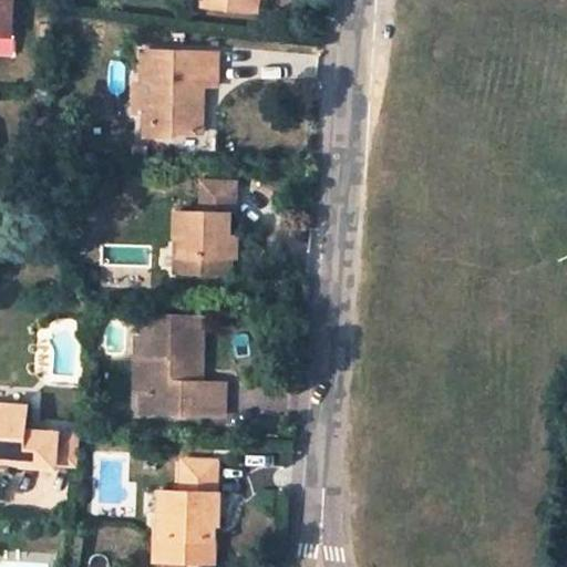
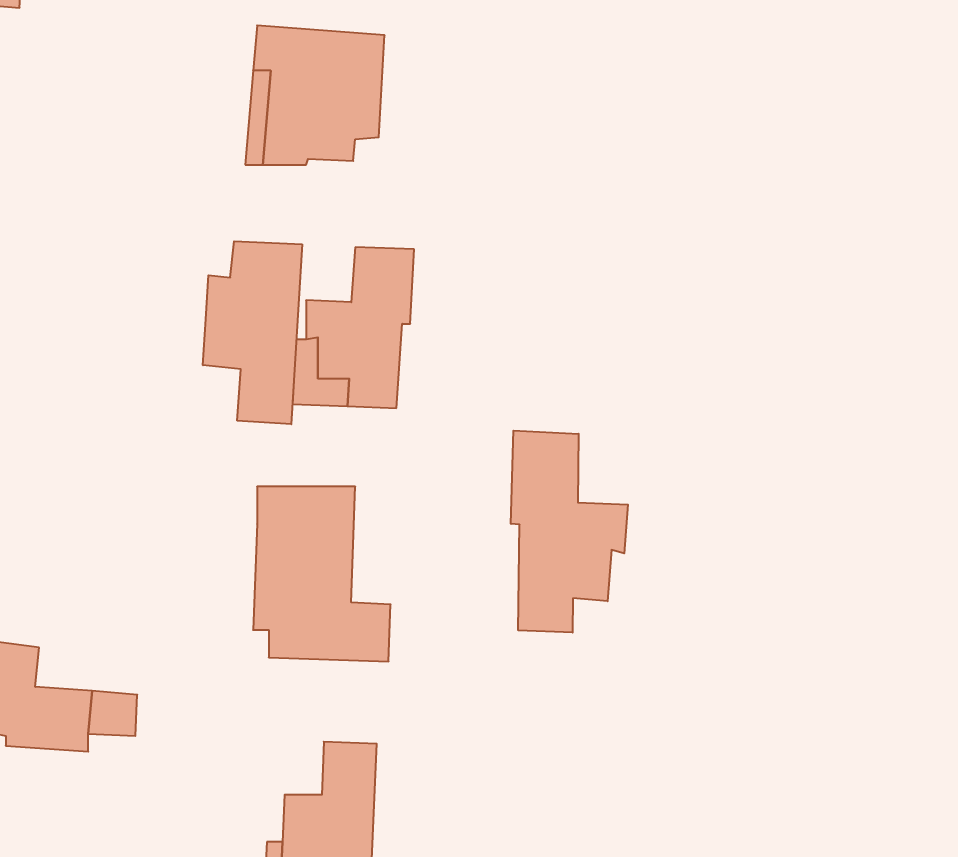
building: none -> [203,241,302,424]
building: none -> [511,431,628,633]
building: [132,336,154,412] -> none

